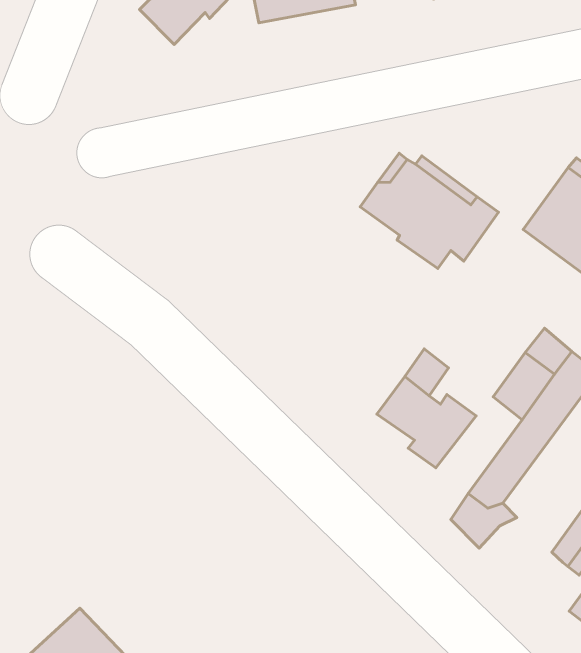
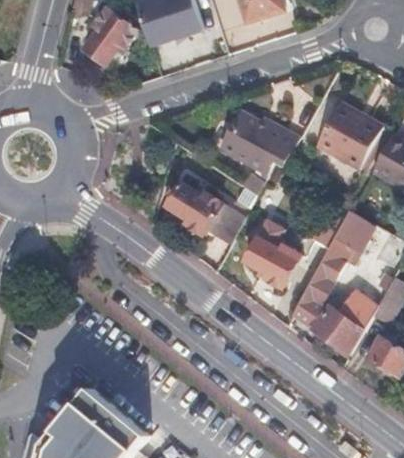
building: none -> [167,183,244,246]
building: none -> [312,307,360,353]

